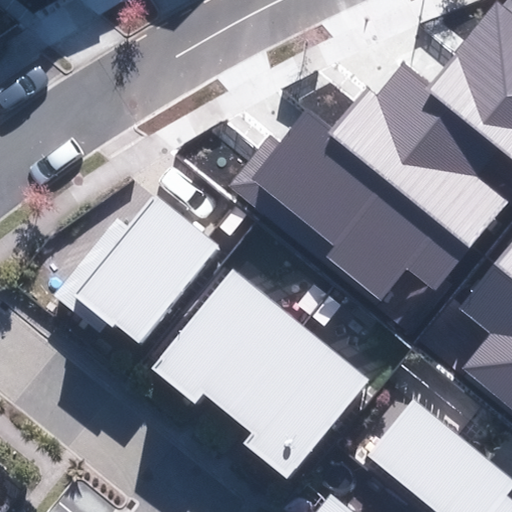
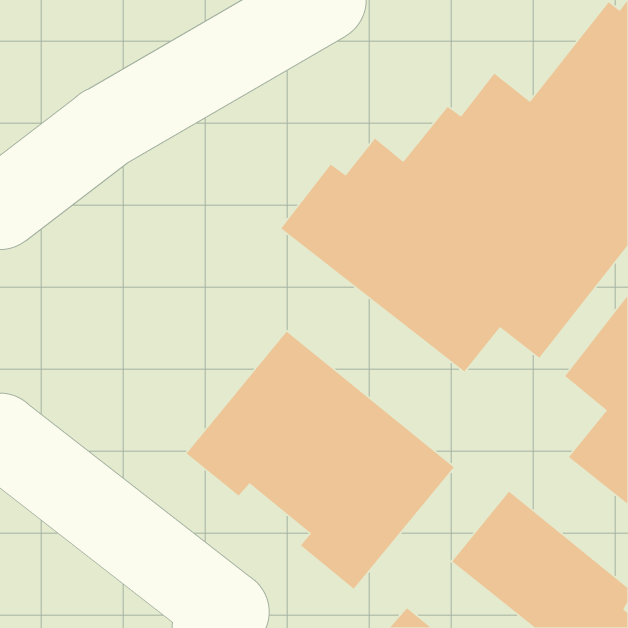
building: [54,193,220,344] -> none

